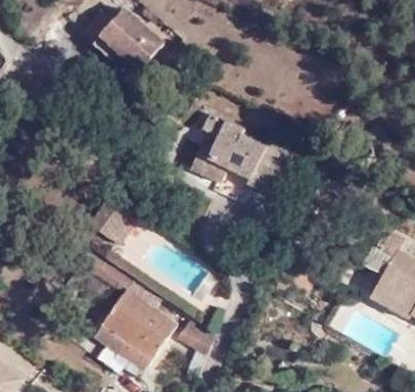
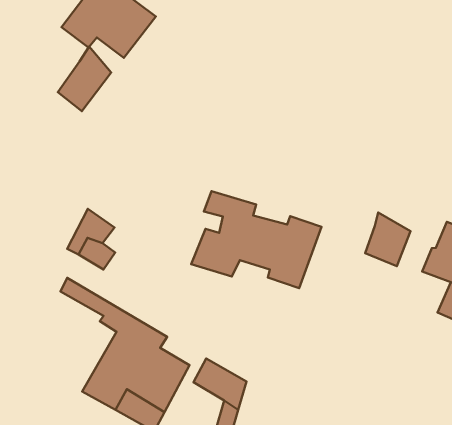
building: none -> [58,47,111,111]
building: [188,114,291,195] -> [191,191,322,288]
building: none -> [365,213,410,266]

